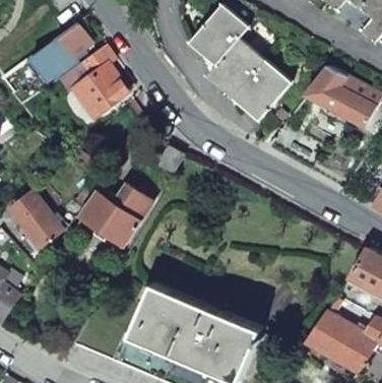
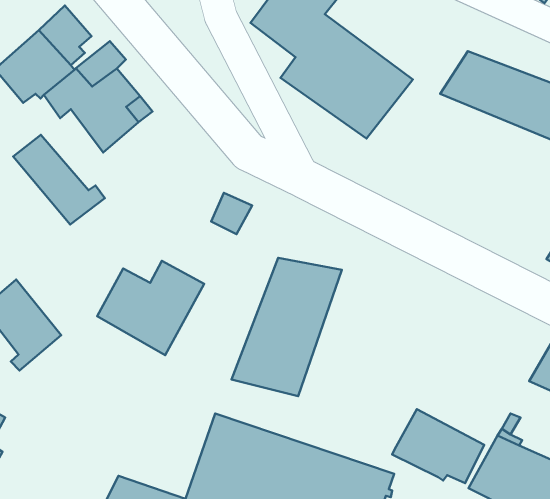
building: none -> [13,135,105,224]
building: none -> [232,258,342,396]
building: none -> [392,409,484,483]

